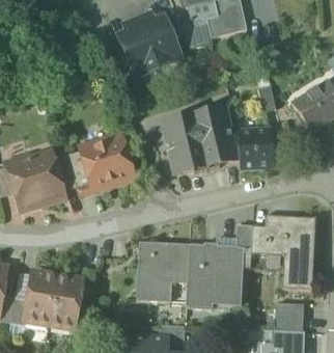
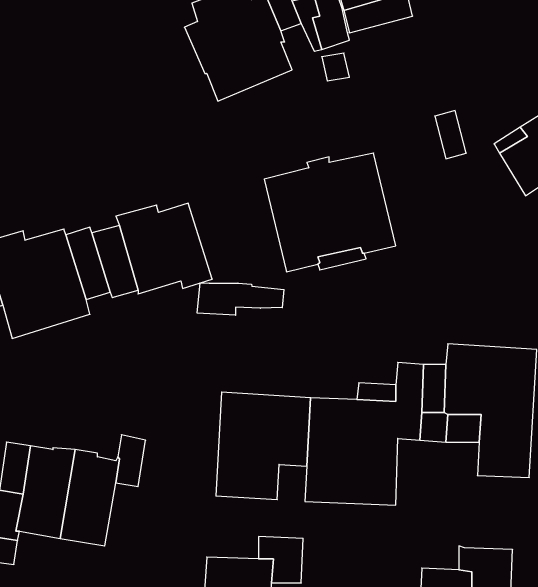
building: [236,129,272,169] -> none
building: none -> [197,283,284,315]
building: [275,302,304,330] -> none

